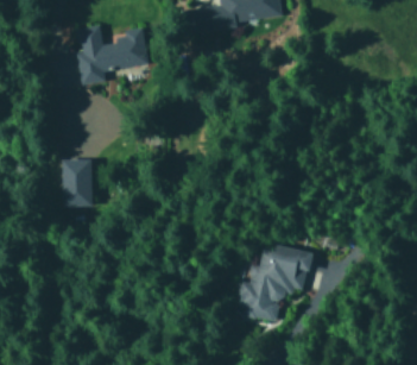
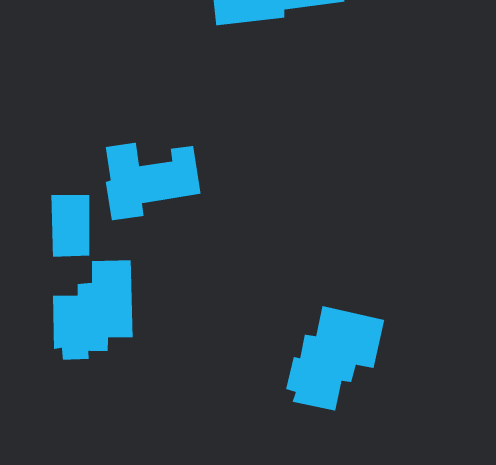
building: [77,25,150,84] -> [105,142,202,221]
building: none -> [52,260,133,361]

